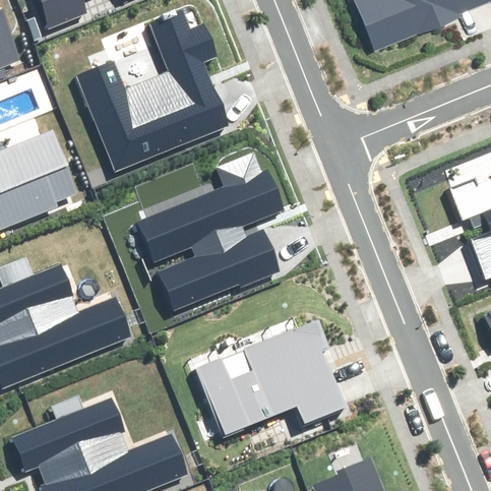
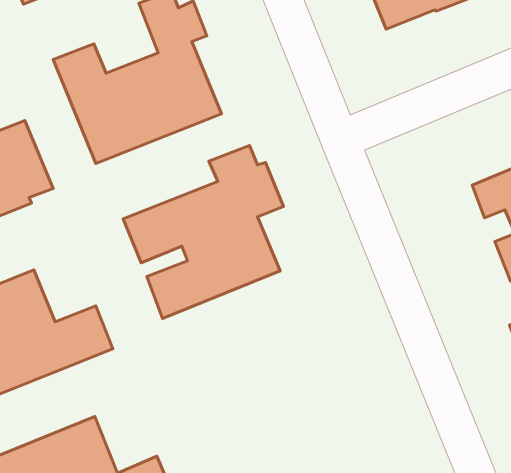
building: [195,320,343,435] -> none

